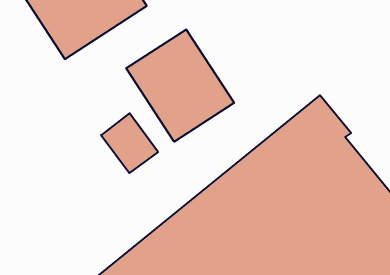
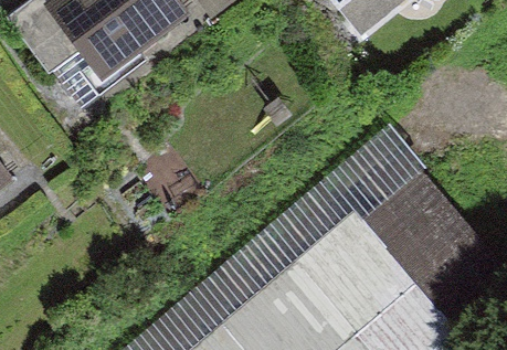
building: [126,29,234,142] -> none

